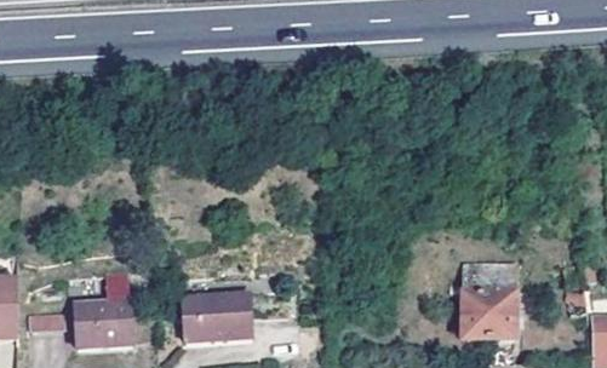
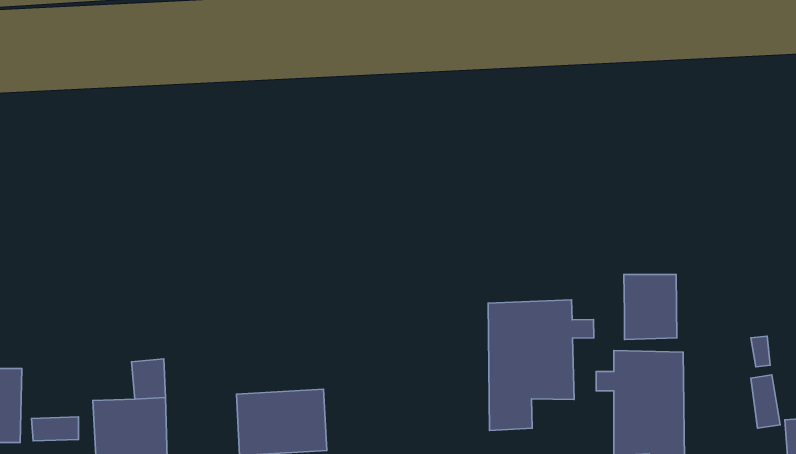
building: none -> [624,274,677,340]
building: none -> [488,300,594,431]

